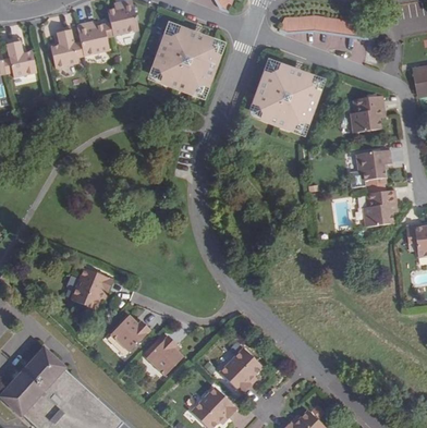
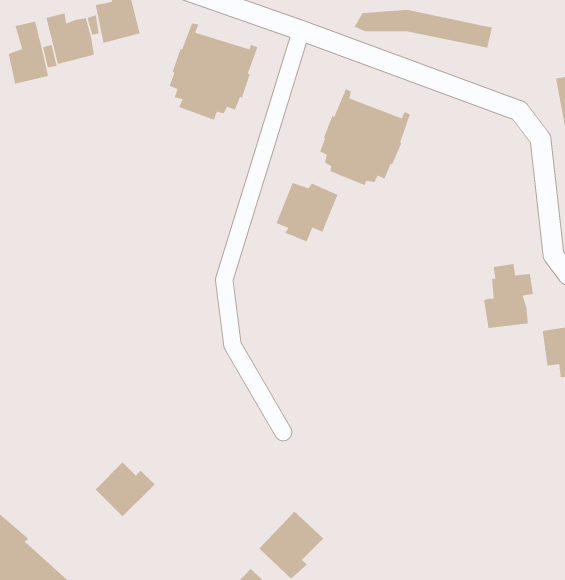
building: [346,98,380,135] -> none
building: none -> [276,182,338,242]
building: [359,151,393,183] -> none
building: [69,268,110,309] -> none
building: [144,337,181,376] -> none

